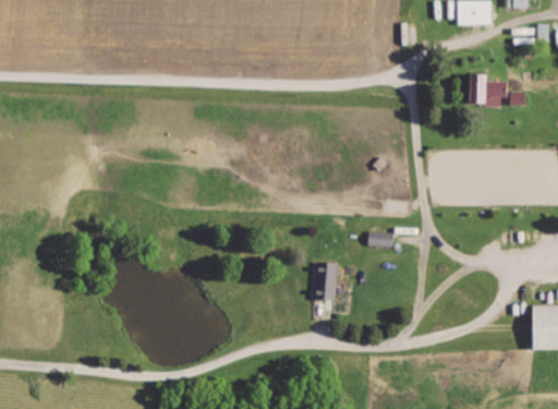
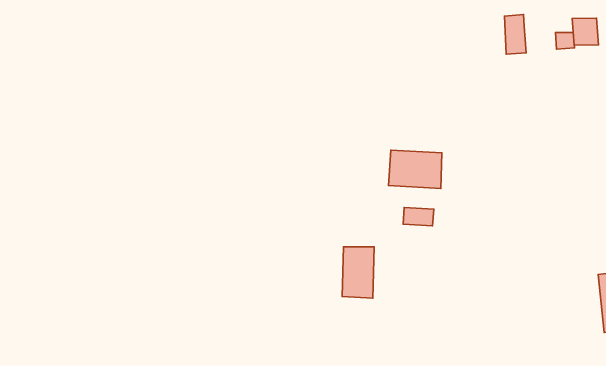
building: [485,83,506,107] -> [572,18,598,45]
building: none -> [388,150,442,188]

